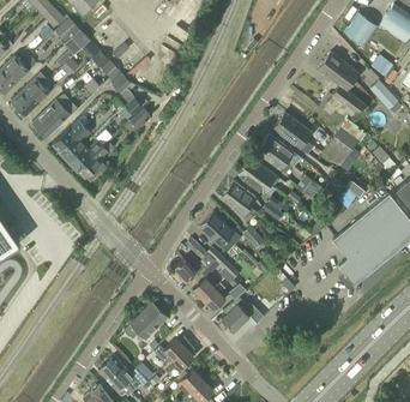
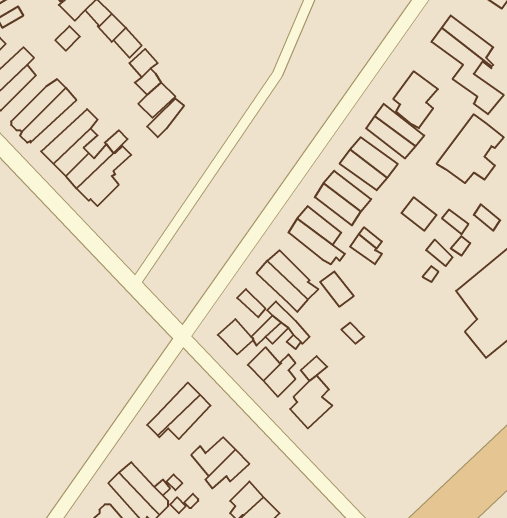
building: none -> [393,71,438,128]

